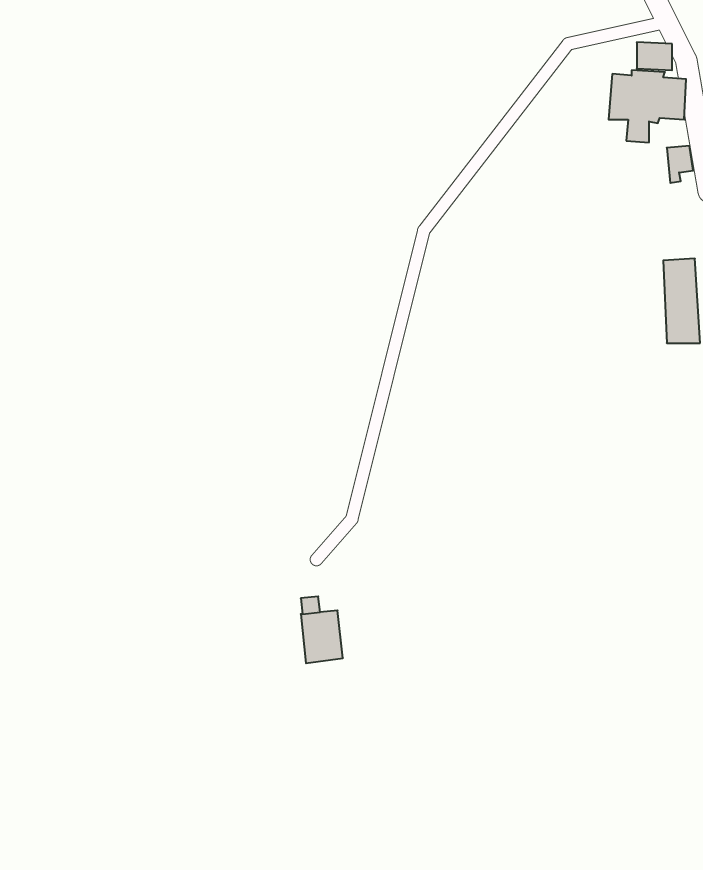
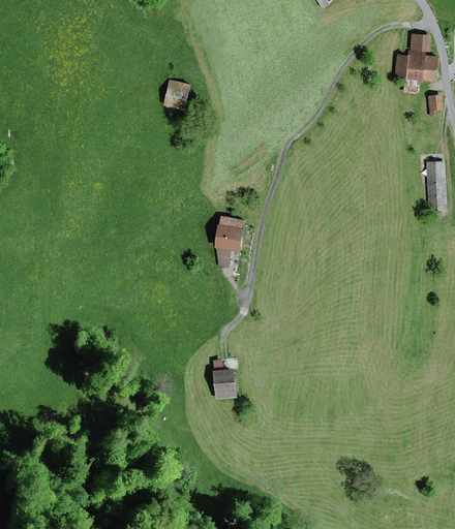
building: none -> [164,80,190,110]
building: none -> [215,215,245,268]

